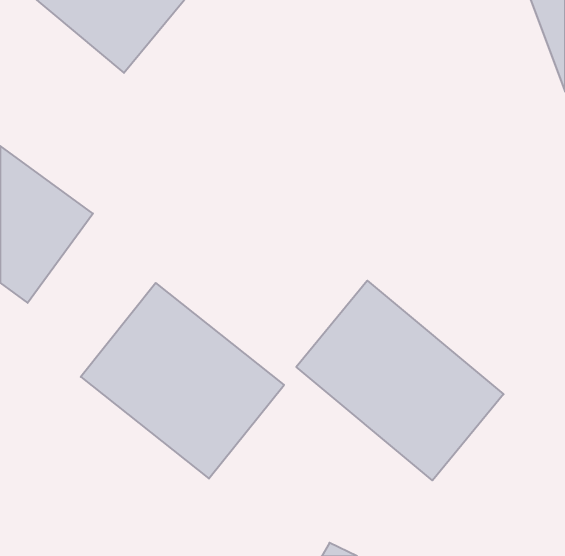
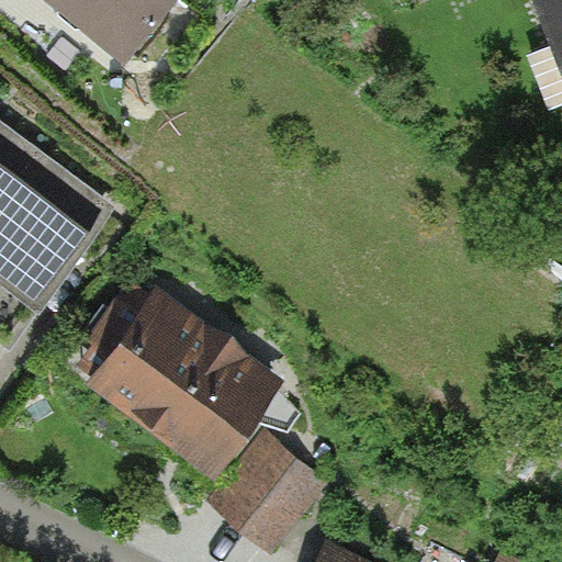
building: [296,281,504,480] -> none
building: none -> [214,430,331,548]

